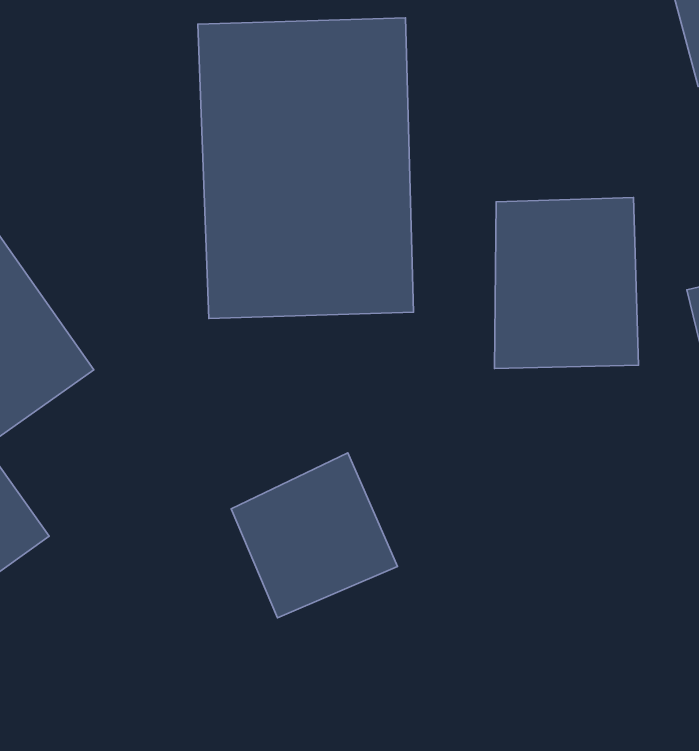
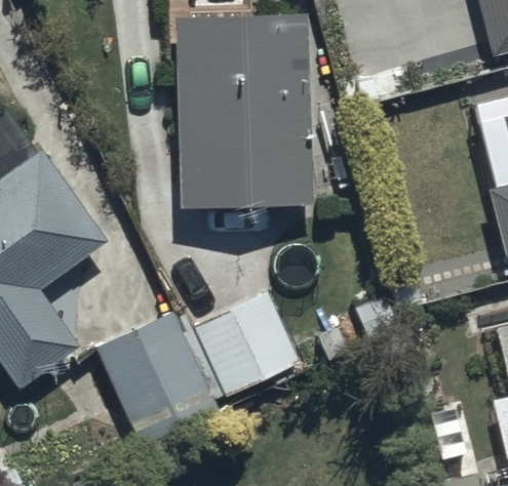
building: [495,198,639,368] -> none
building: none -> [96,310,221,444]

